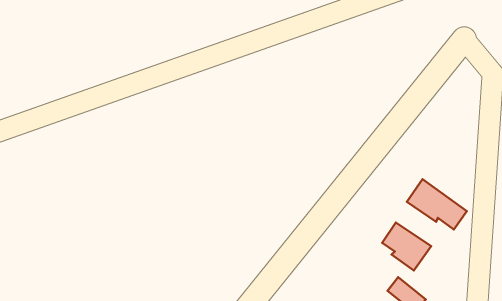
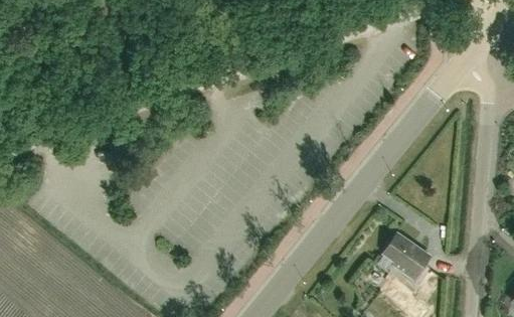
building: [407,179,467,229] -> none

